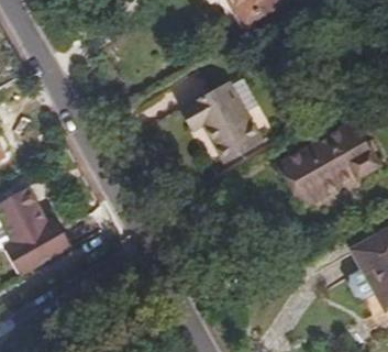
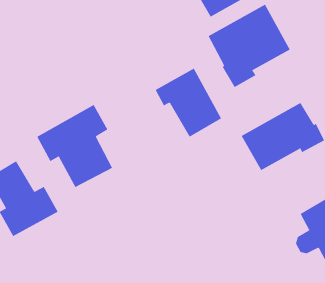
building: none -> [208,4,291,88]
building: none -> [37,104,113,188]

